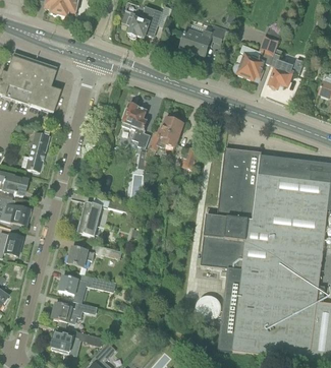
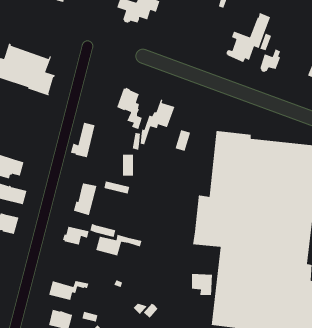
building: [180,23,231,55] -> none
building: [20,133,47,171] -> [70,122,95,158]
building: [58,272,107,296] -> [95,234,143,256]

